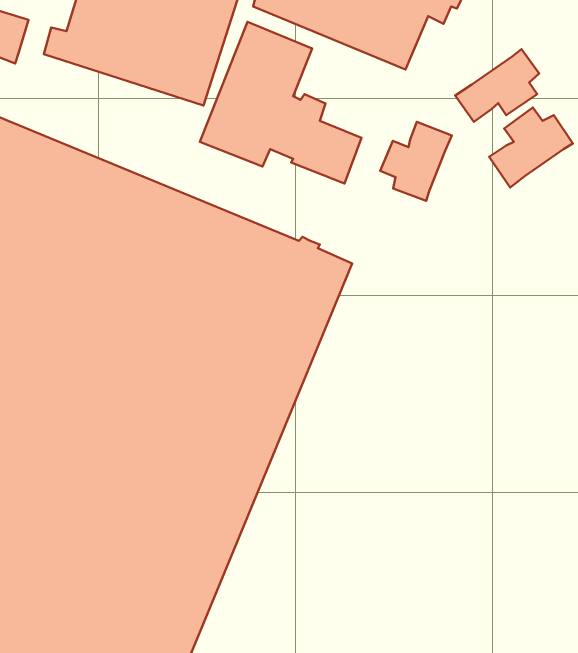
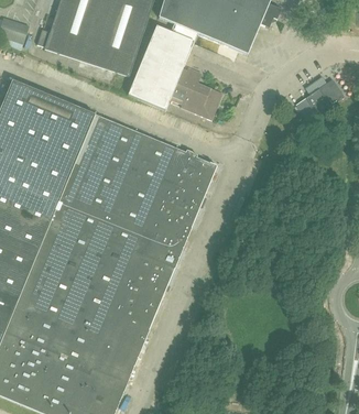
building: [455,49,539,122] -> none
building: [380,122,452,201] -> none

